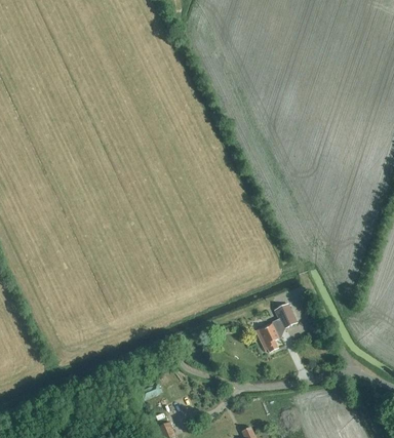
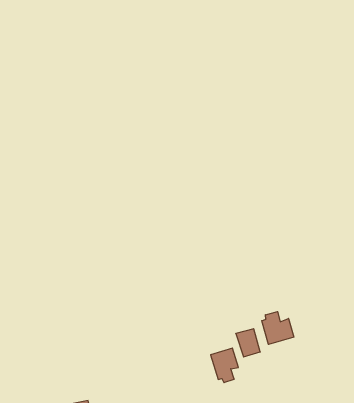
building: none -> [262,312,294,344]

